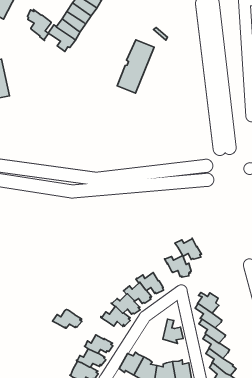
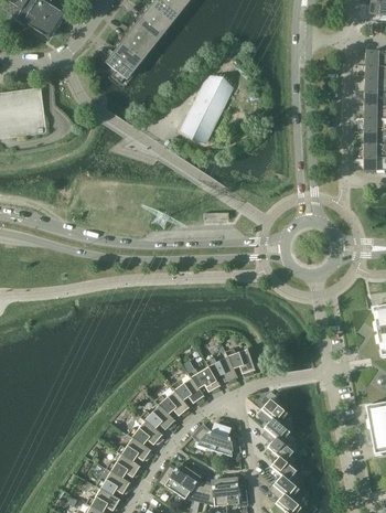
building: [27,10,51,41] -> none
building: [175,238,201,260] -> [205,356,237,383]
building: [52,309,82,328] -> [126,421,162,445]
building: none -> [193,424,222,450]

